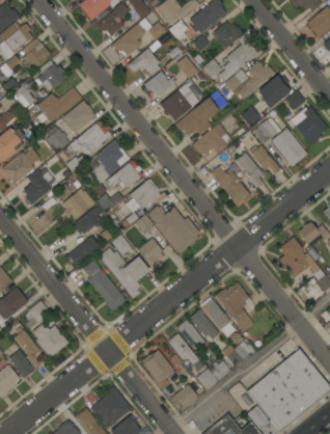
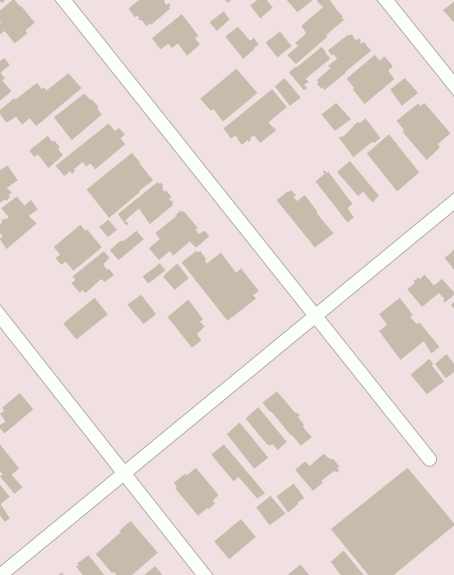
building: [38,60,65,91] -> none
building: [144,66,175,96] -> none
building: [192,123,233,156] -> none
building: [99,248,149,299] -> none
building: [83,260,126,311] -> none
building: [215,282,254,332] -> none
building: [32,323,68,358] -> none

